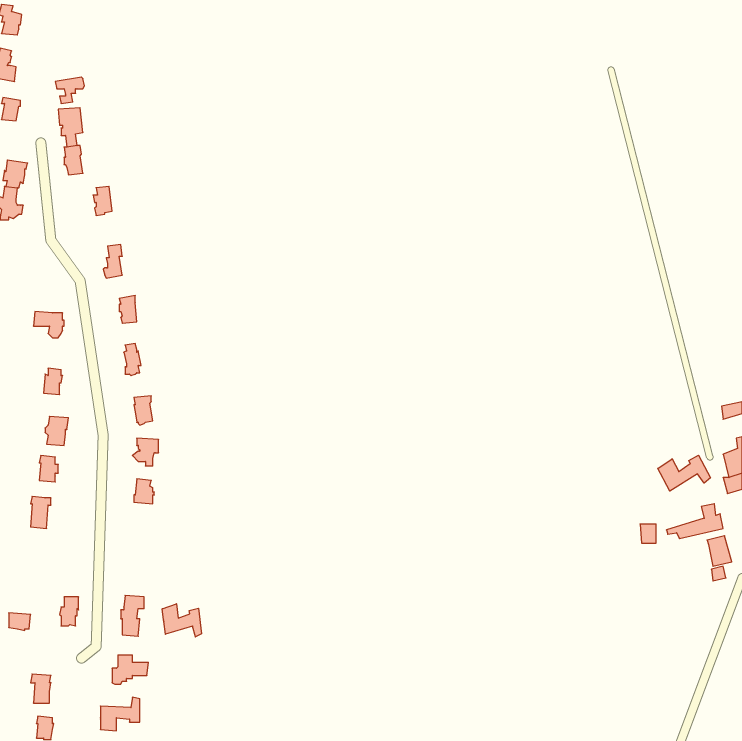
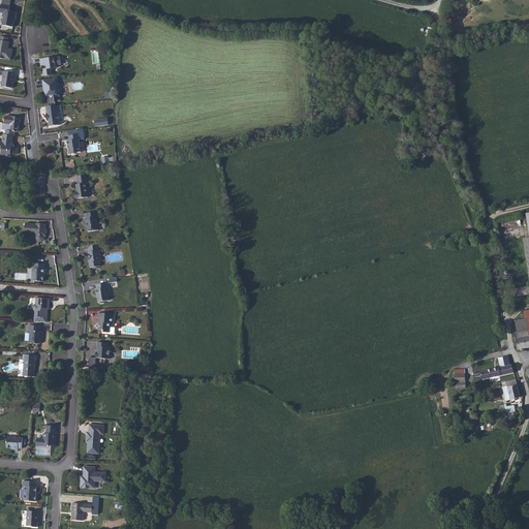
building: [658,455,710,491] -> none
building: [162,604,202,637] -> none

